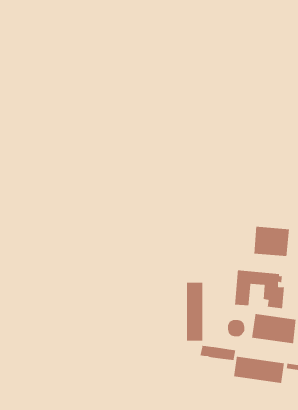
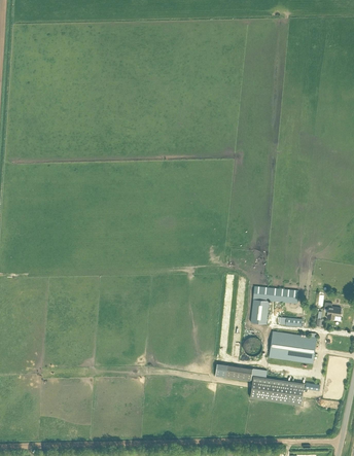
building: [254,226,290,257] -> none
building: [186,282,203,342] -> none

